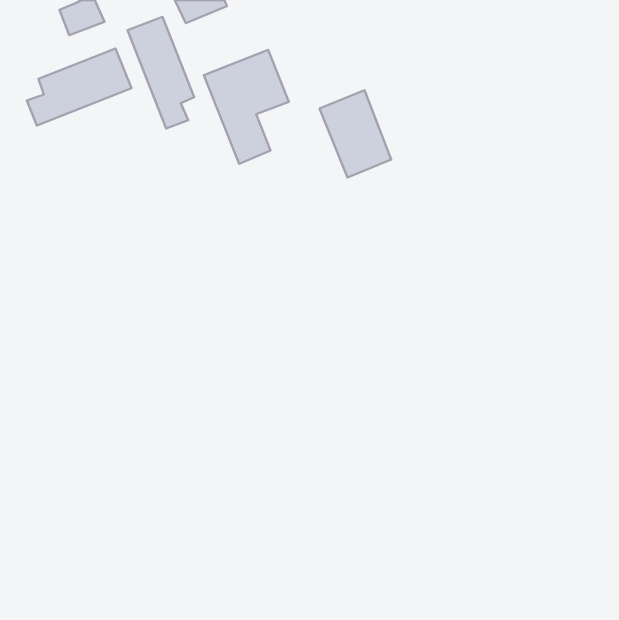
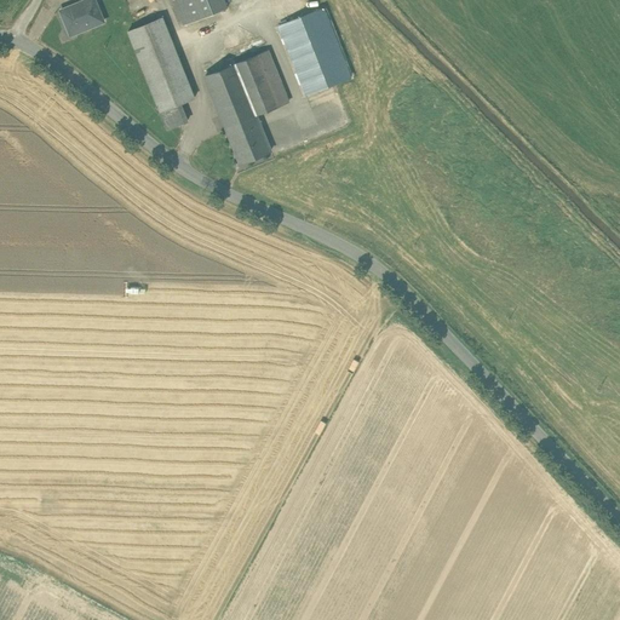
building: [27,49,132,125] -> none
building: [320,90,391,178] -> [277,7,349,94]

